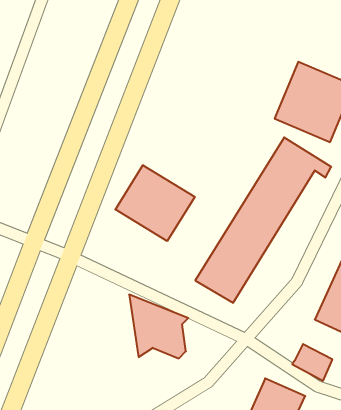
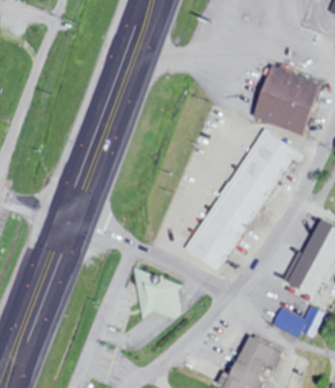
building: [115,165,195,241] -> none

